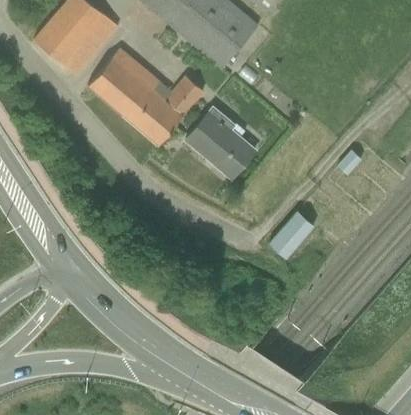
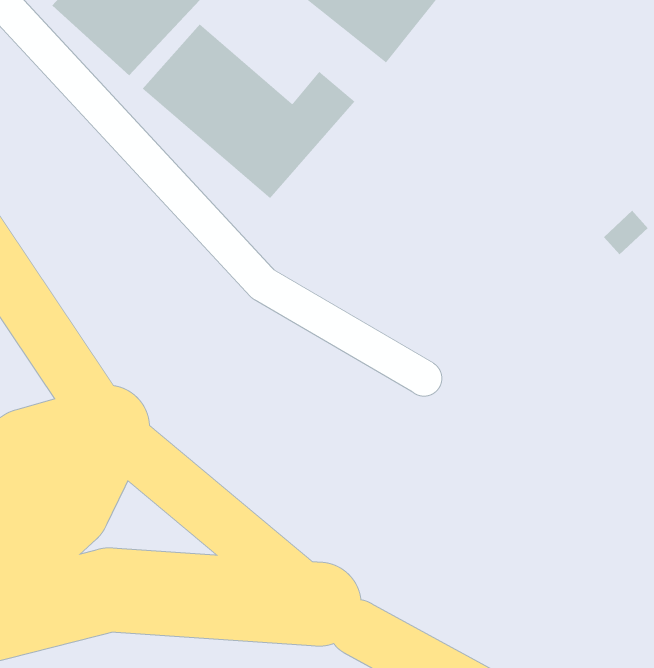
building: [186,102,261,180] -> none
building: [273,209,320,256] -> none

